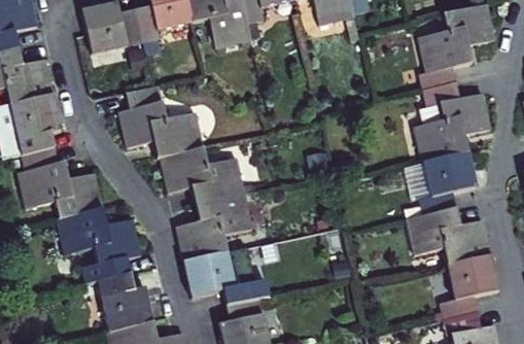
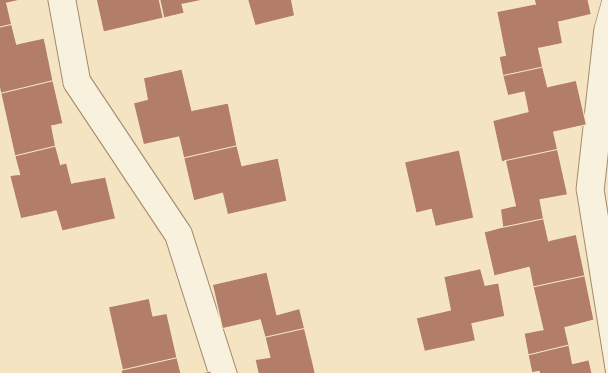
building: none -> [405,150,474,226]
building: [175,193,253,262] -> none
building: [57,207,142,280] -> none
building: none -> [416,269,505,352]

